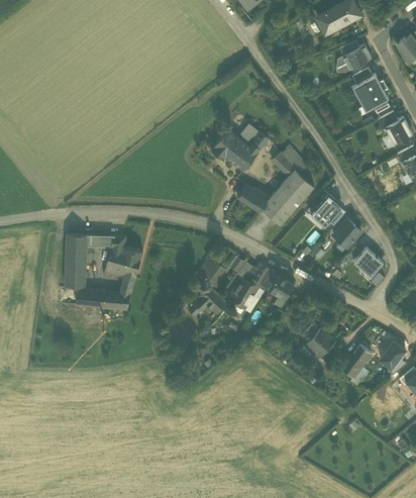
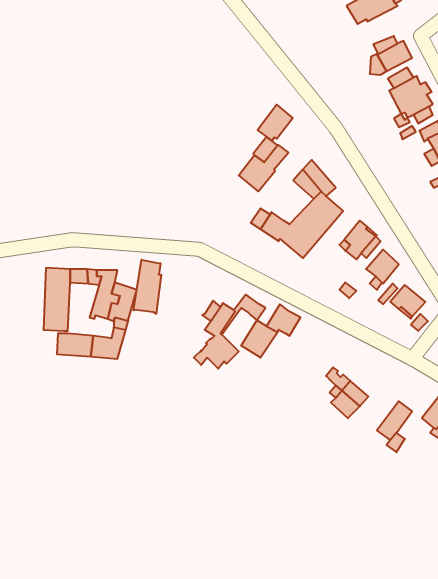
building: [211,128,240,159] -> [258,105,293,141]
building: none -> [134,260,161,314]
building: [270,274,294,306] -> none

